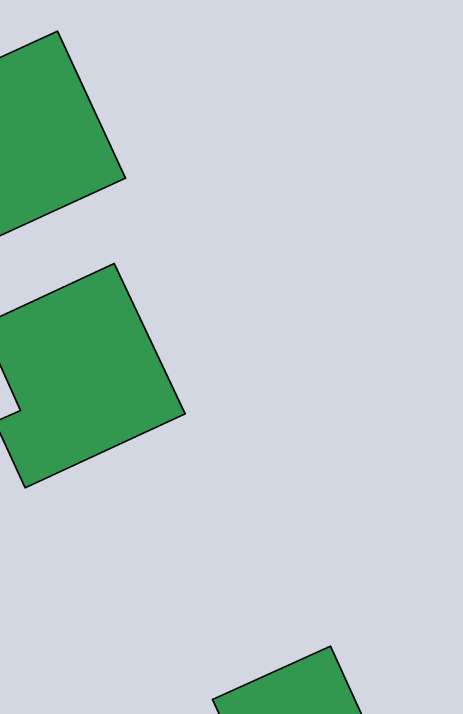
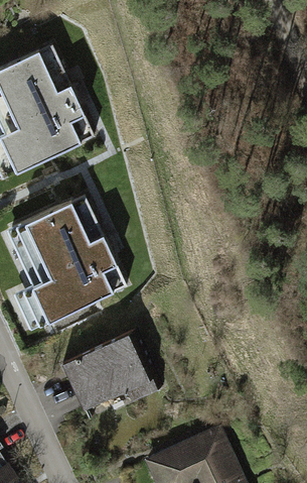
building: none -> [64,331,164,411]

